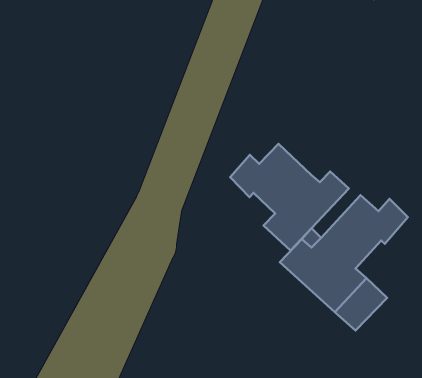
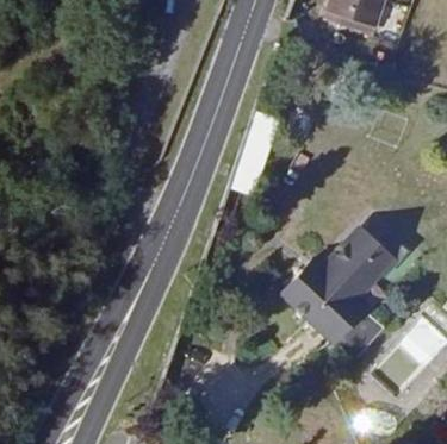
building: [230,144,349,251] -> none

